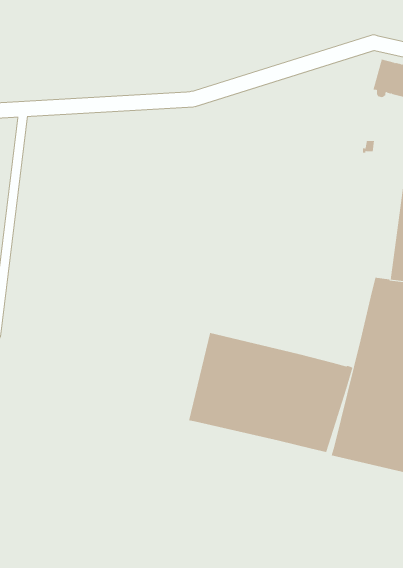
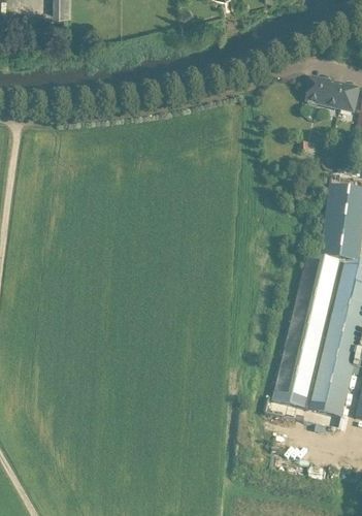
building: [188,332,353,453] -> none

